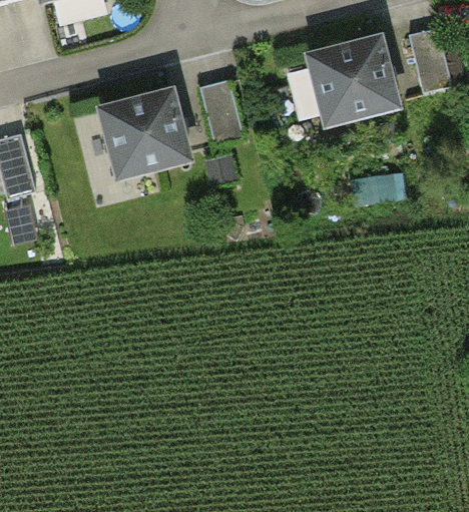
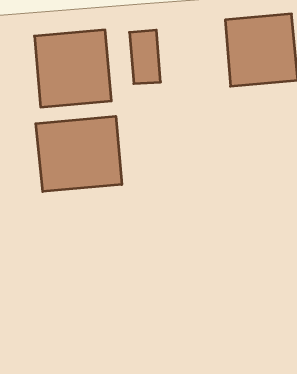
building: none -> [36,116,122,192]

